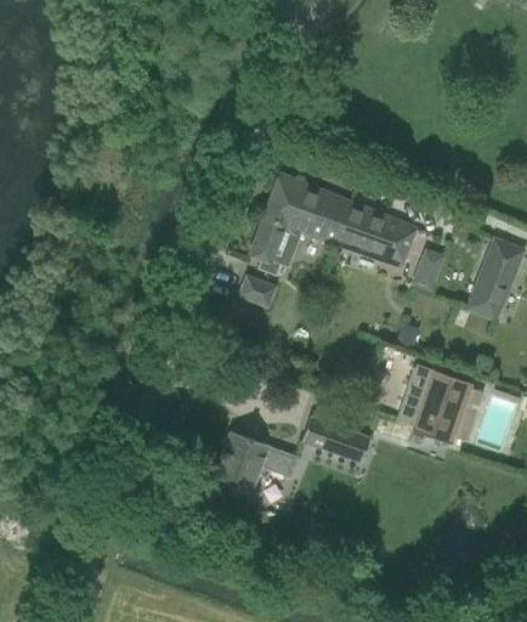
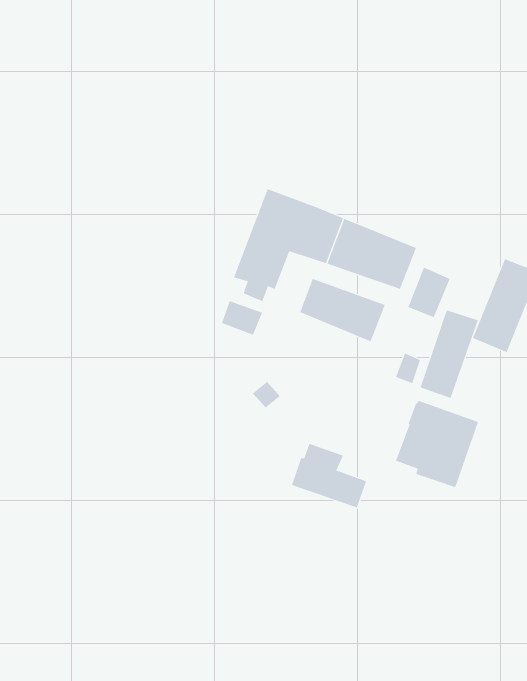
building: none -> [299,278,385,342]
building: none -> [420,309,478,399]
building: [212,430,299,496] -> none

